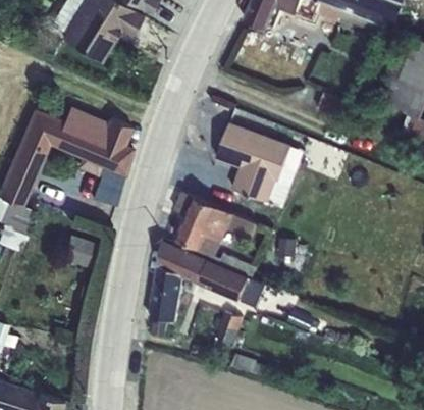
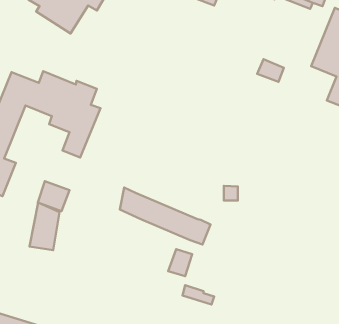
building: [216,122,306,208] -> none
building: [174,192,256,278] -> none
building: [148,266,182,321] -> [29,203,59,250]

